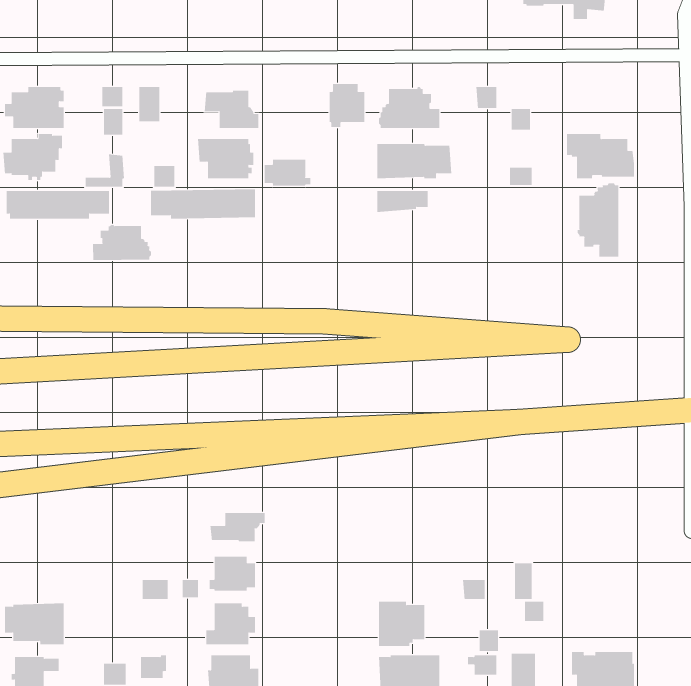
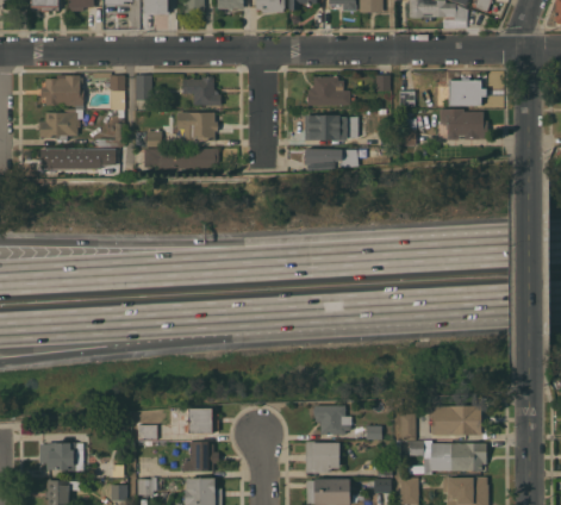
building: [329,83,365,128] -> none
building: none -> [448,77,480,105]
building: [264,159,311,187] -> none
building: [577,183,619,258] -> none
building: [92,224,151,261] -> none
building: [210,512,265,542] -> none
building: none -> [428,404,480,435]
building: none -> [313,405,350,435]
building: none -> [430,443,486,470]

